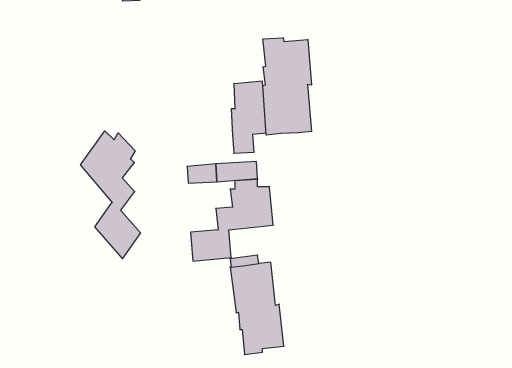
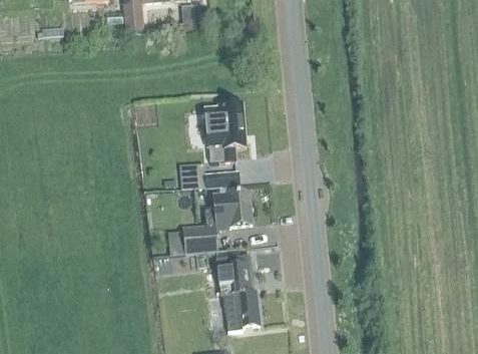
building: [263,38,312,135] -> none
building: [81,131,141,259] -> none

